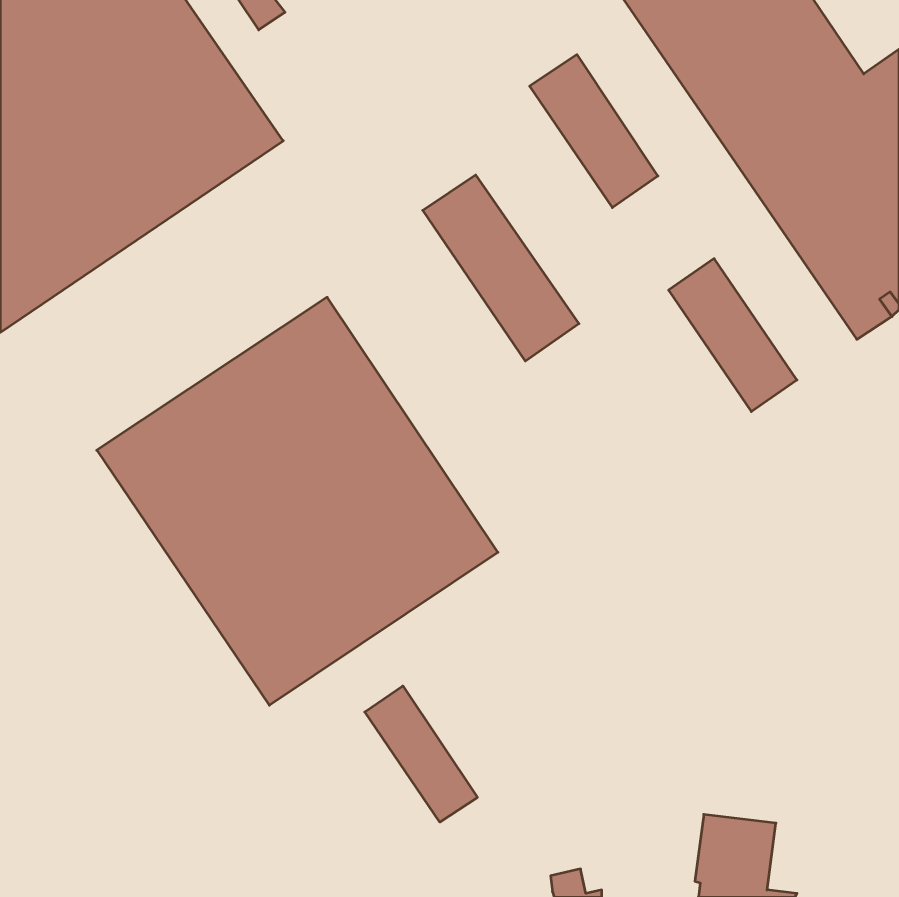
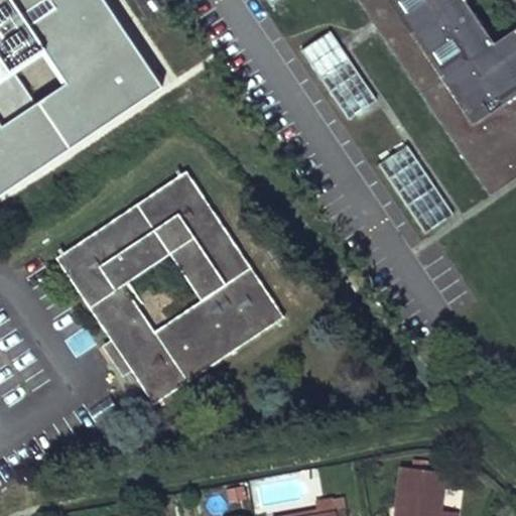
building: [423,175,579,361] -> none
building: [365,686,477,822] -> none

